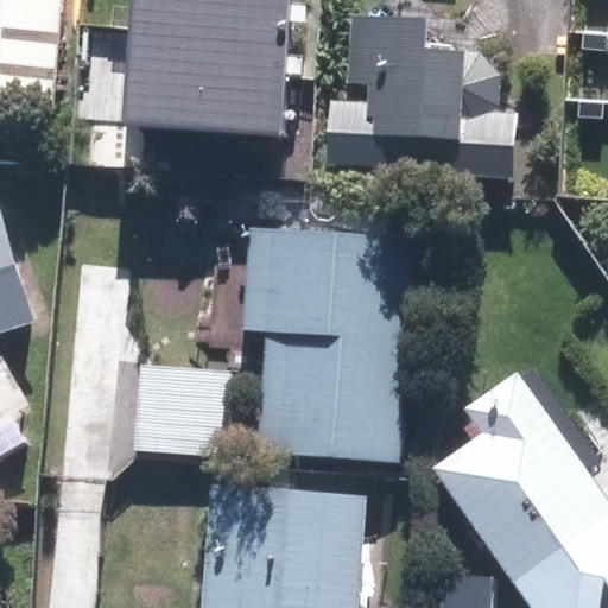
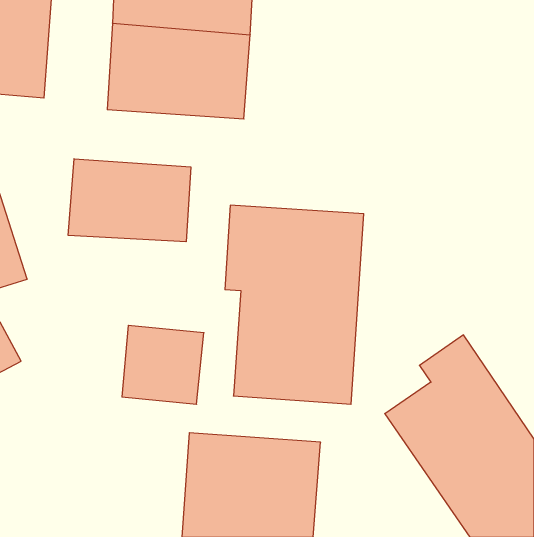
building: [330,14,514,176] -> none
building: none -> [68,159,191,242]

